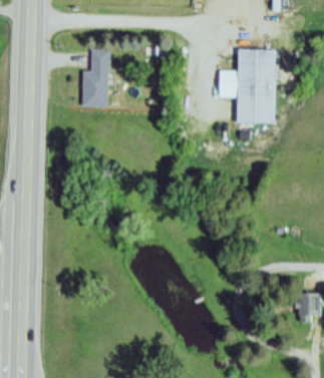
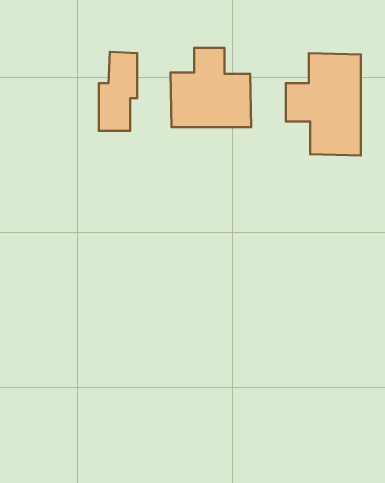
building: none -> [171,48,251,127]

